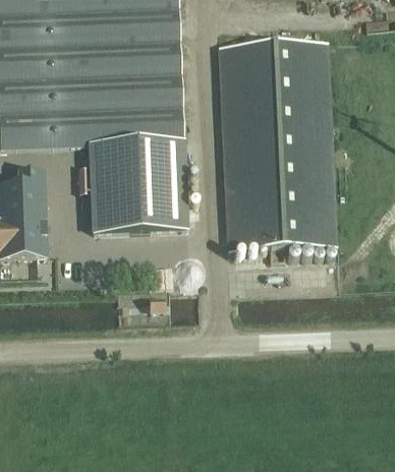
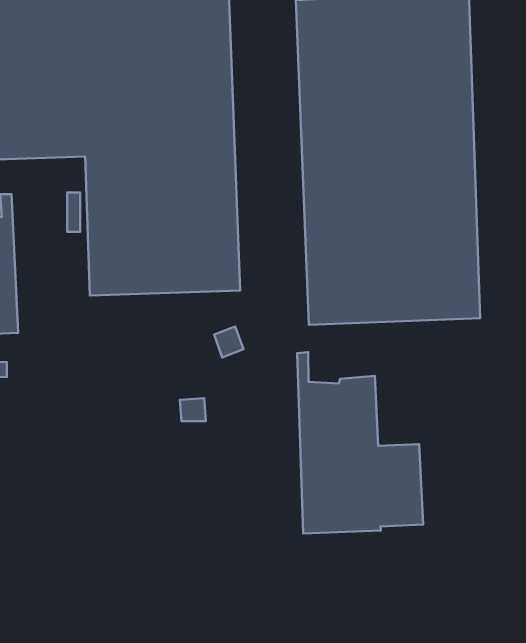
building: none -> [297,352,423,534]

